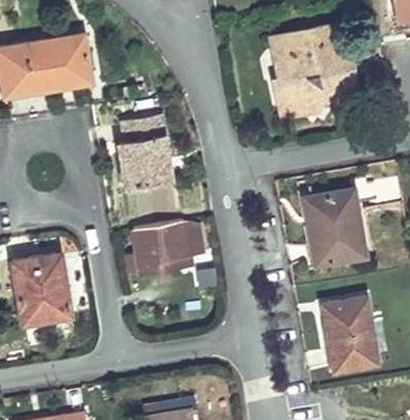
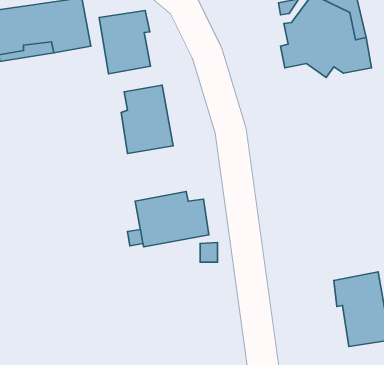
building: none -> [99,11,151,74]
building: [305,191,365,263] -> none
building: [10,255,69,323] -> none

